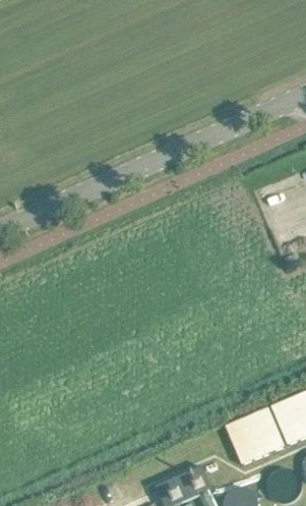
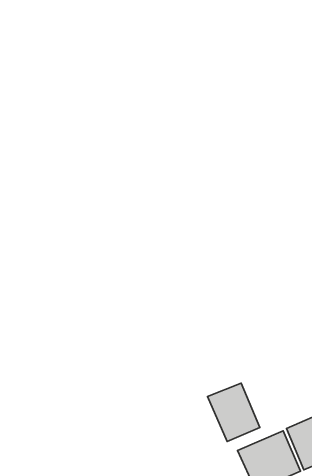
building: none -> [208,383,260,442]

